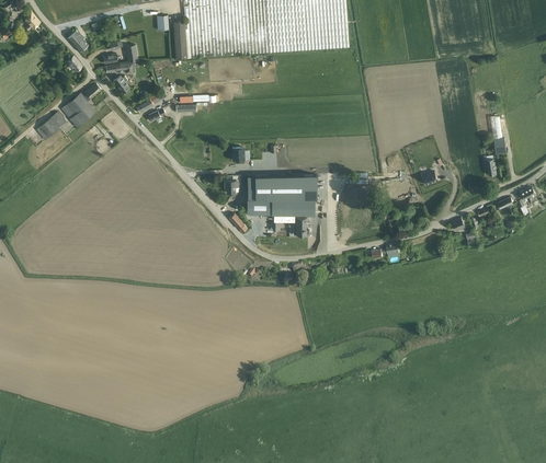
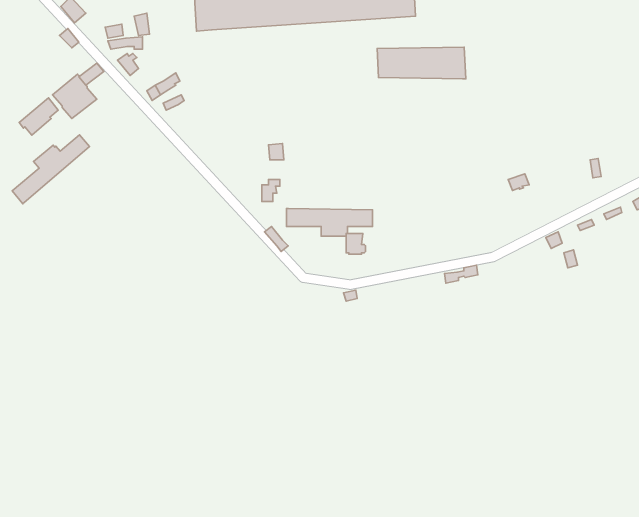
building: none -> [12,135,89,204]
building: [247,174,317,199] -> [377,47,466,79]

